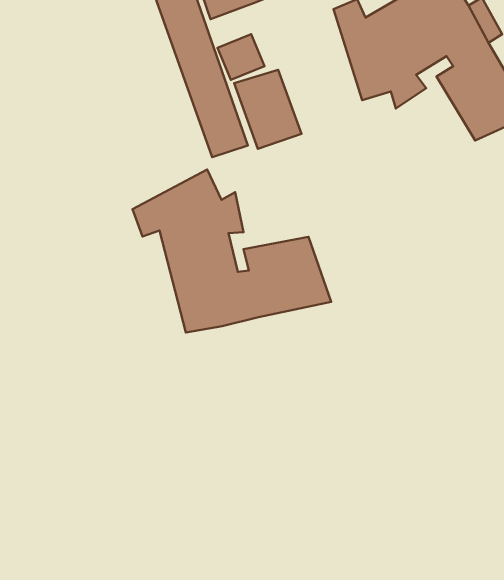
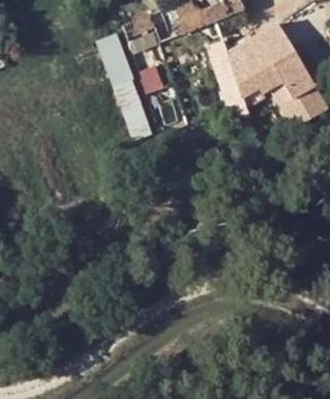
building: [132,170,331,332] -> none

